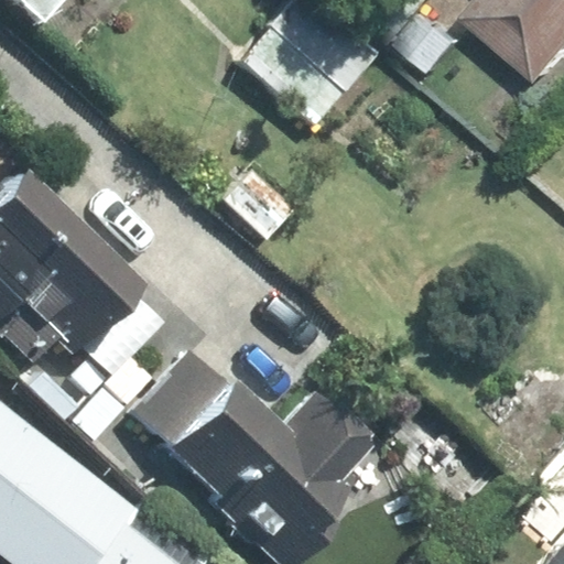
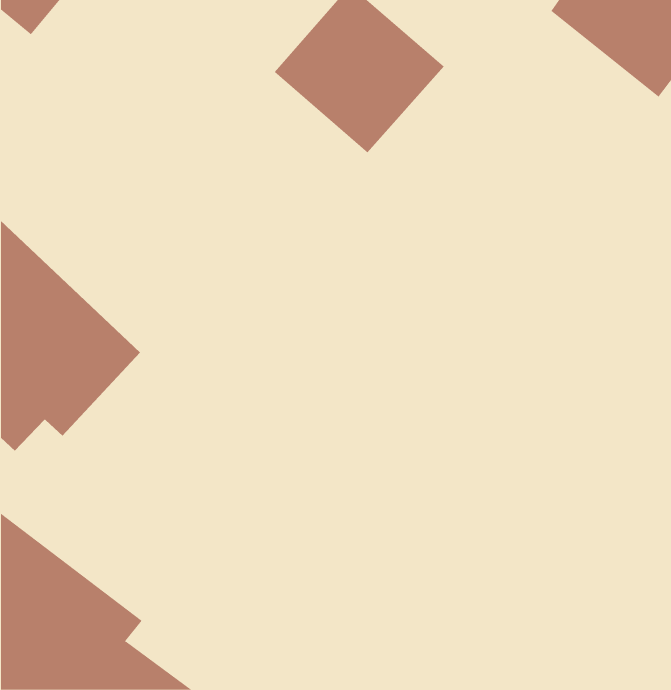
building: [130,349,368,547] -> none

